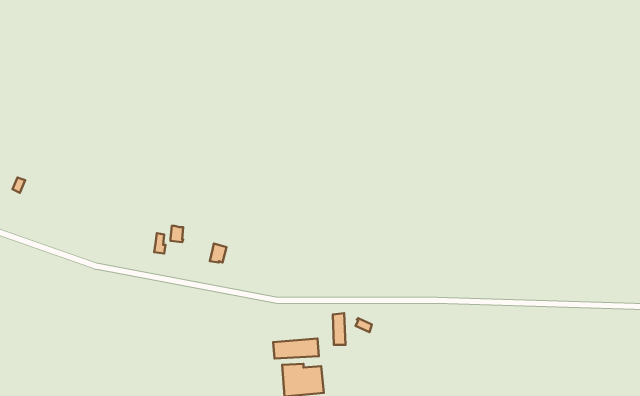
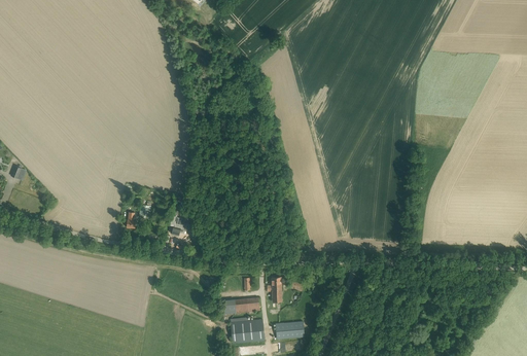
building: none -> [276,322,305,340]

